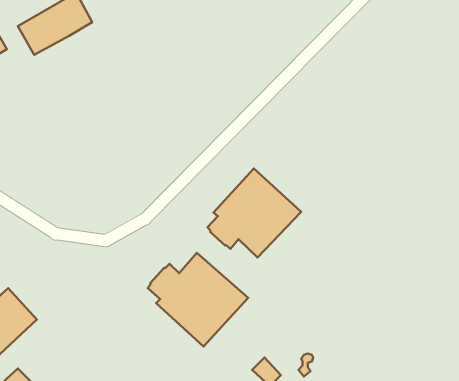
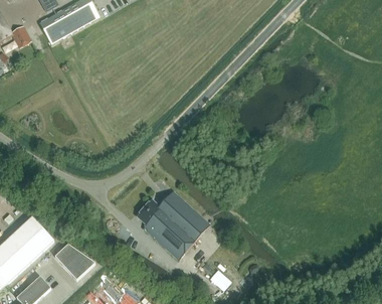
building: [207,168,301,257] -> none
building: none -> [54,244,94,280]

